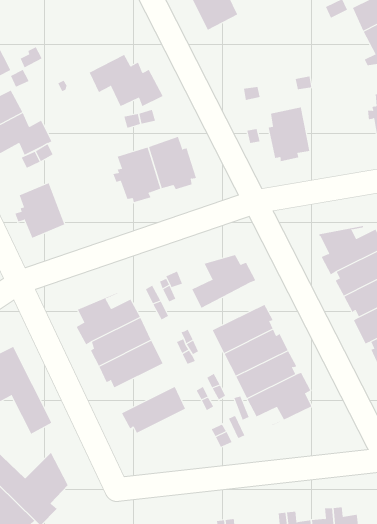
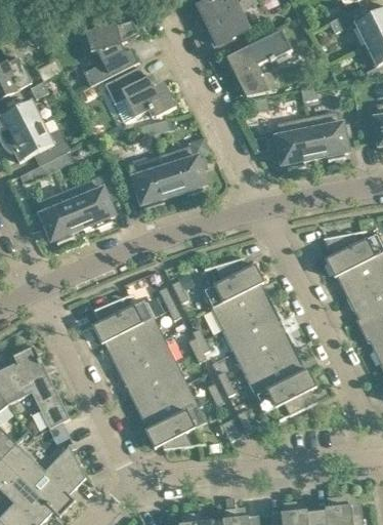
building: none -> [83,21,138,87]
building: none -> [226,31,291,97]
building: none -> [306,113,349,162]
building: none -> [67,173,115,230]
building: none -> [211,285,271,330]
building: none -> [128,362,186,409]
building: none -> [144,405,206,450]

